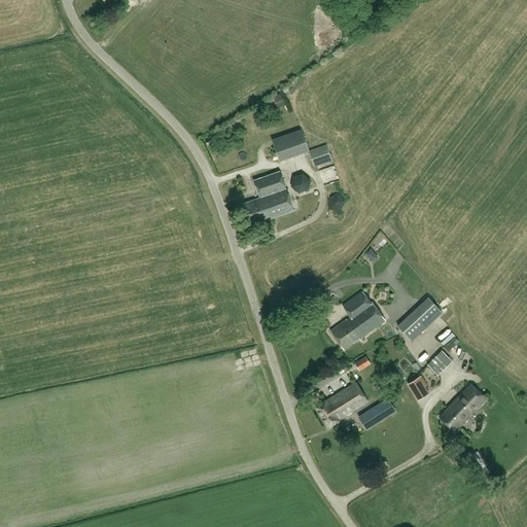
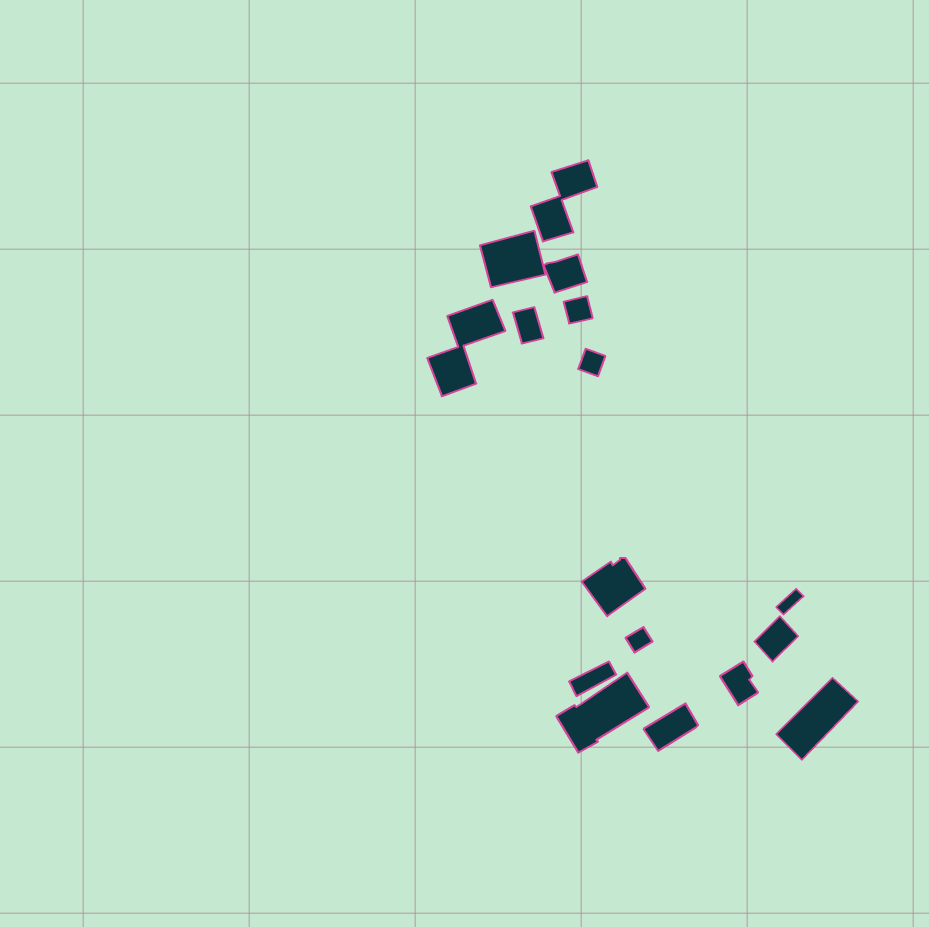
building: none -> [531,160,597,242]
building: [262,187,293,217] -> none
building: [342,290,385,333] -> none
building: [397,297,443,343] -> none

